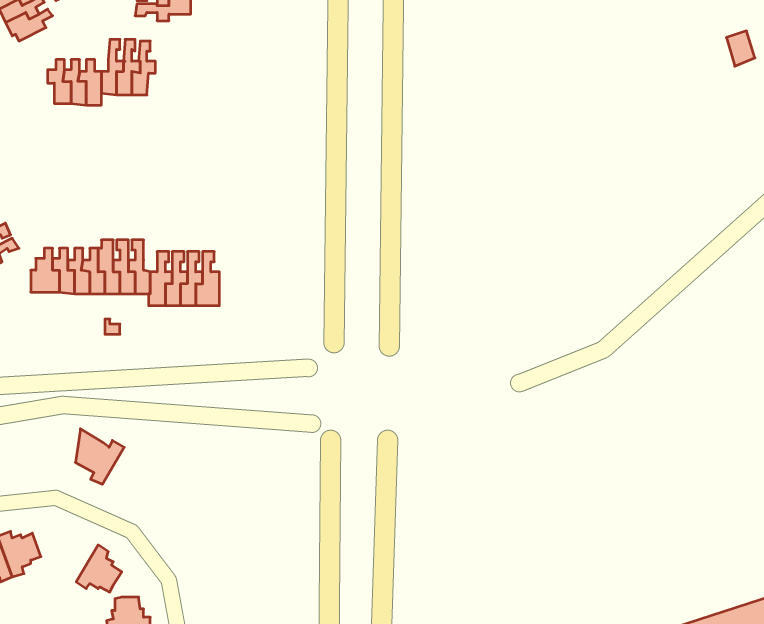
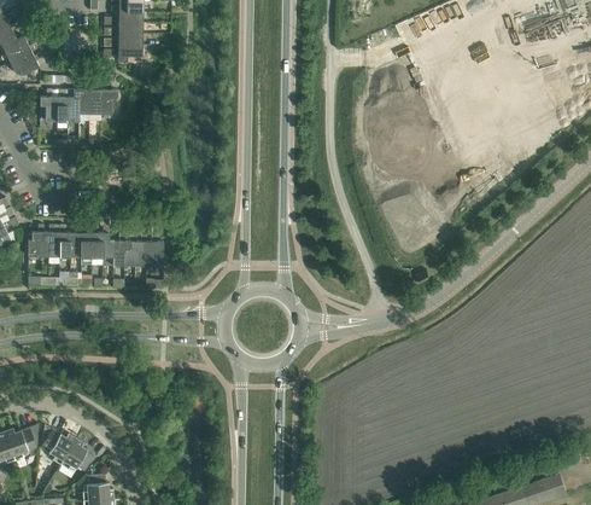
building: [75,429,124,484] -> [41,423,76,463]

